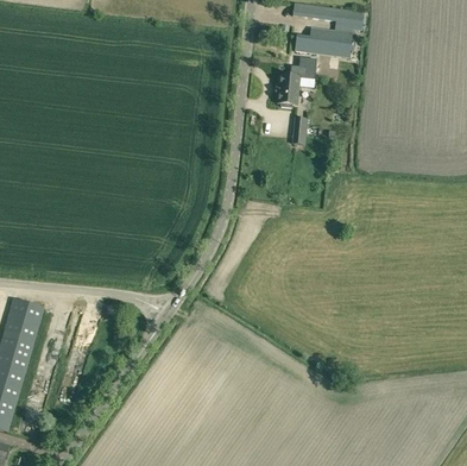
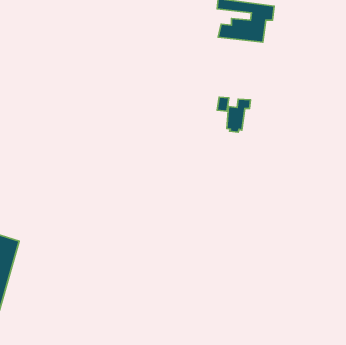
building: [277,65,307,107] -> [227,99,250,132]

